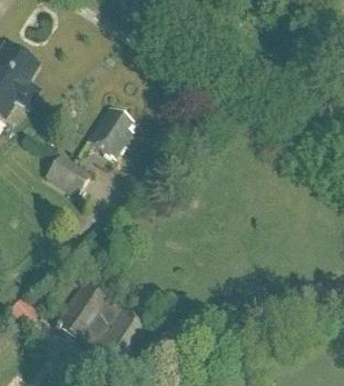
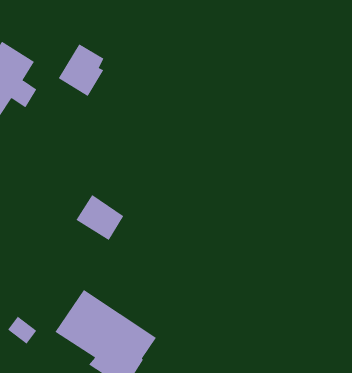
building: [88,105,132,156] -> [58,43,104,97]
building: [46,152,92,197] -> [76,194,124,241]

